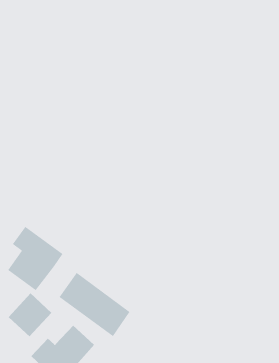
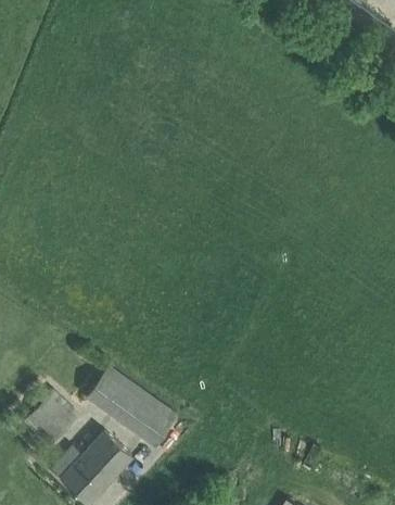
building: [7,226,63,291] -> none

